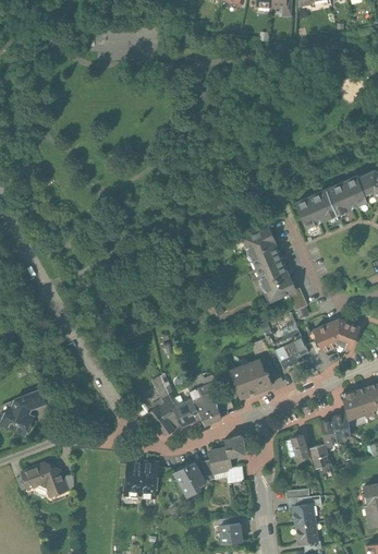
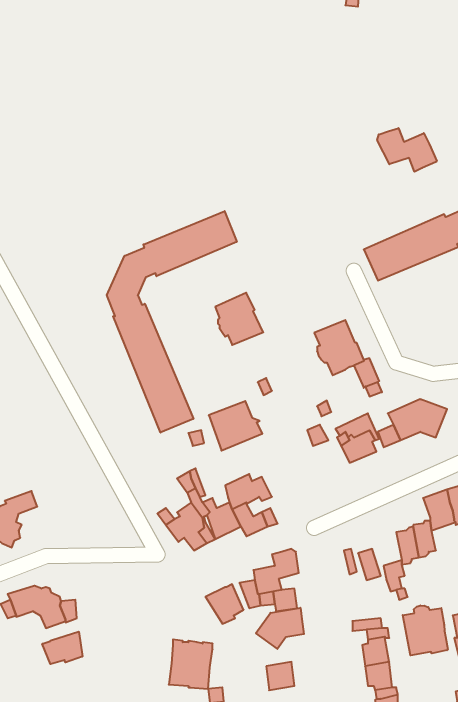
building: none -> [377,128,437,172]
building: none -> [107,211,237,433]
building: [244,228,281,268] -> [215,293,263,345]
building: [230,360,271,398] -> [209,401,262,451]
building: [124,460,158,498] -> [169,639,213,689]
building: none -> [403,605,448,655]
building: none -> [256,608,304,649]
building: none -> [42,632,82,664]

